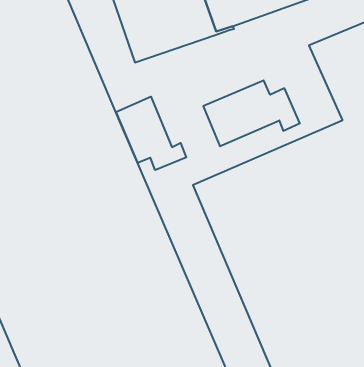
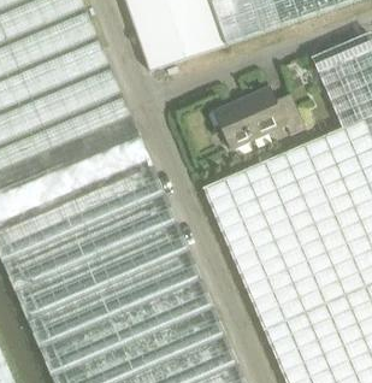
building: [116,97,186,170] -> none

